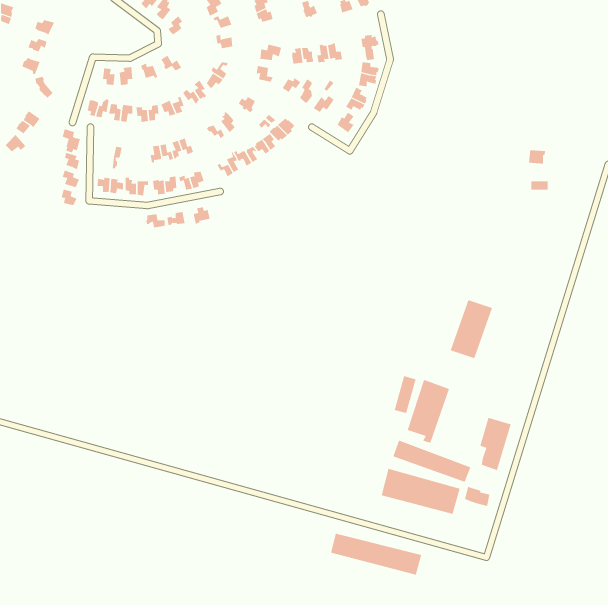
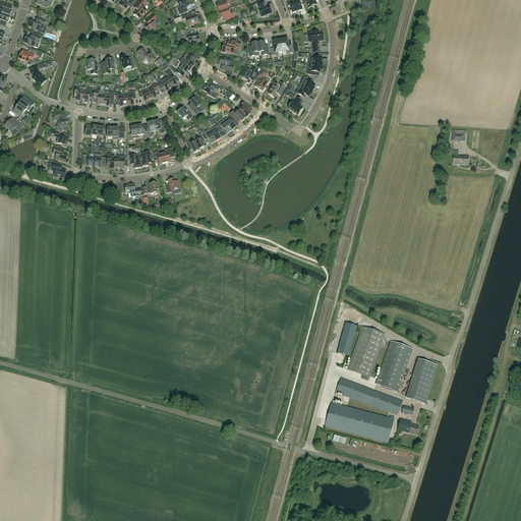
building: [450,299,493,359] -> [375,340,412,391]
building: [330,533,422,576] -> none

